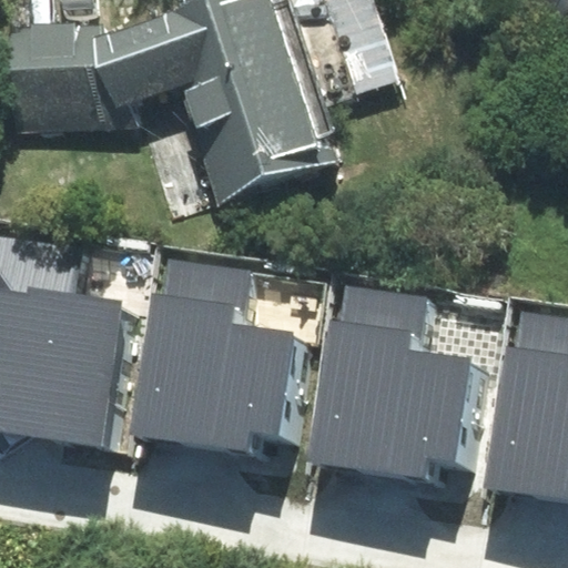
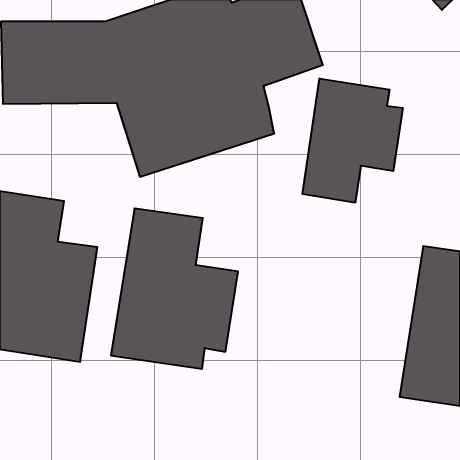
building: none -> [302,78,403,203]
building: [317,283,469,477] -> none

